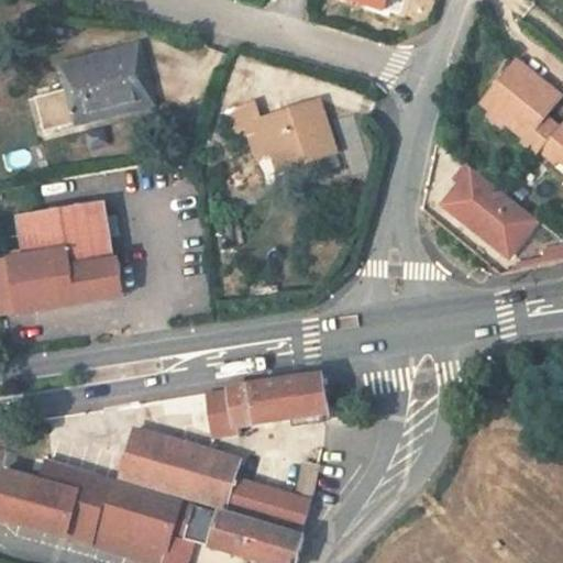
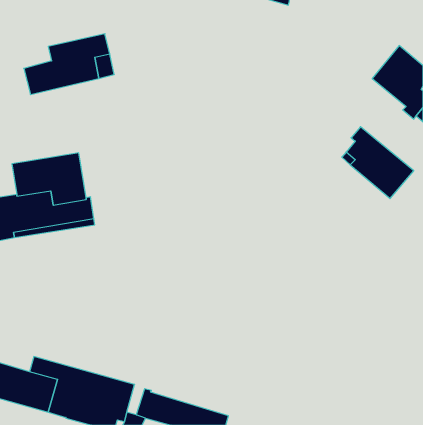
building: [245,103,333,167] -> none
building: [202,377,327,440] -> none
building: [115,430,311,536] -> none

